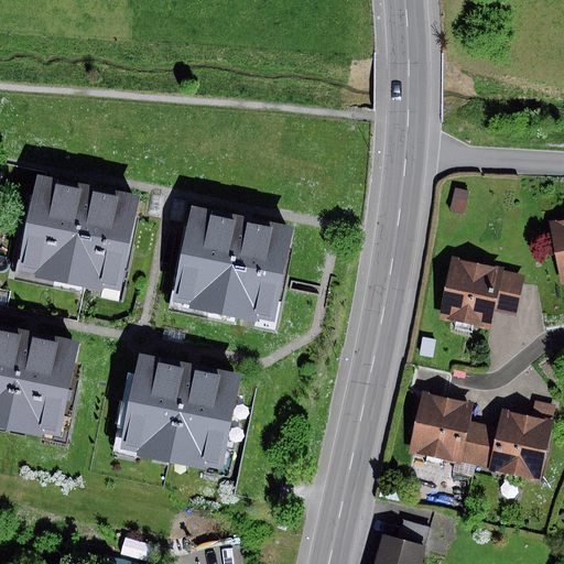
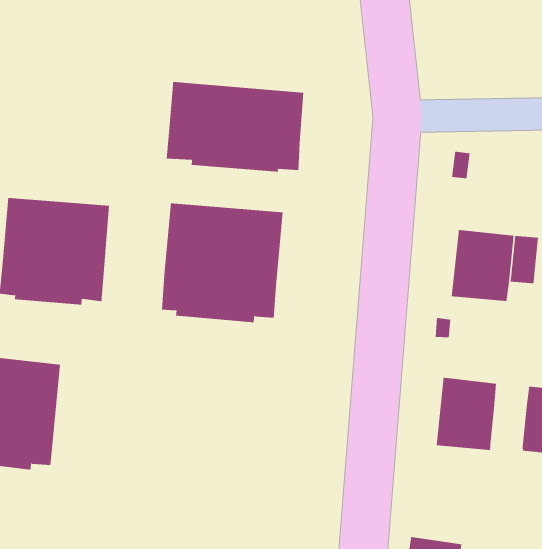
building: none -> [166,81,304,173]
building: [123,356,240,469] -> none
building: [459,422,495,464] -> none

